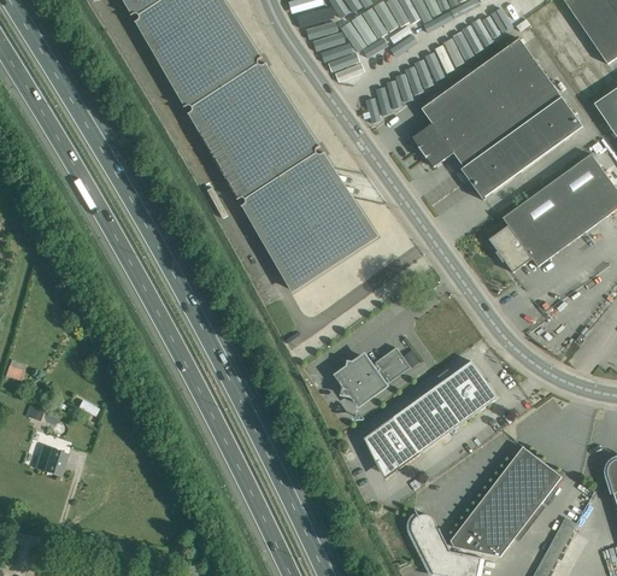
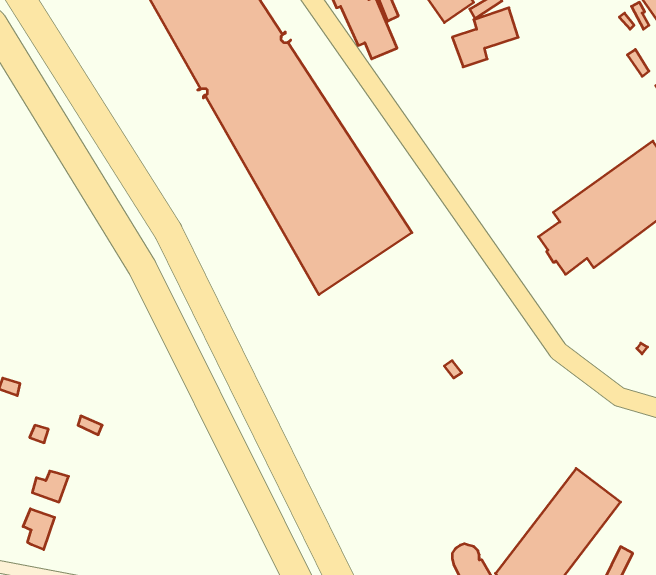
building: [412,39,582,200] -> none
building: [337,347,410,404] -> none
building: [364,360,498,478] -> none
building: none -> [23,509,55,550]

